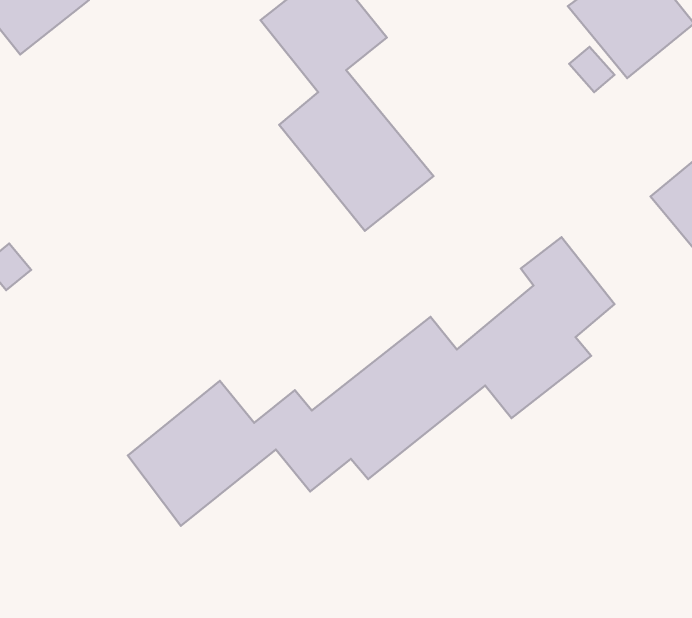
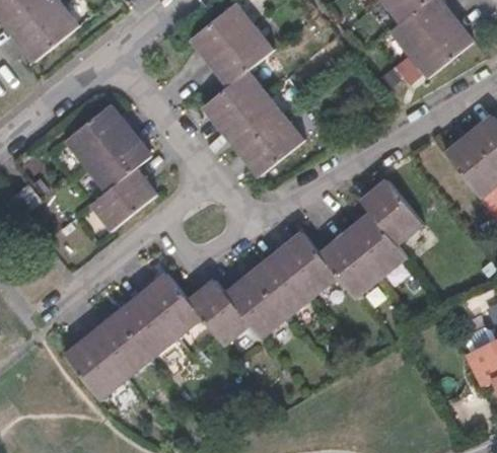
building: none -> [65,103,155,229]
building: none -> [65,321,139,397]

